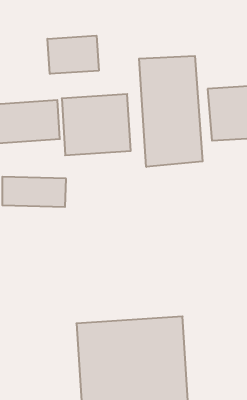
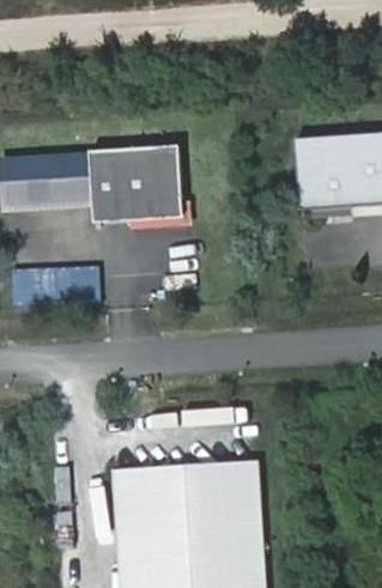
building: [47,36,99,74] -> none
building: [139,56,203,167] -> none

